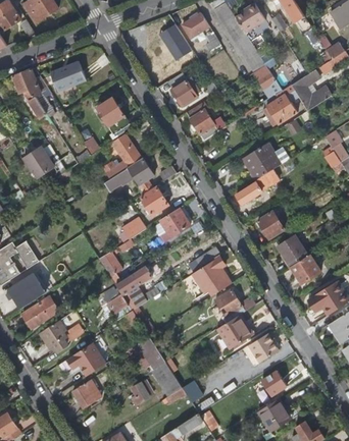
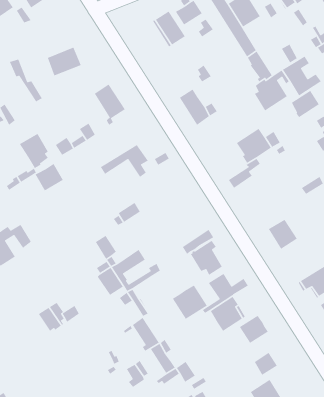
building: [22,67,53,113] -> none
building: [166,72,199,106] -> none
building: none -> [291,90,320,118]
building: [103,134,142,179] -> none
building: none -> [35,163,64,191]
building: [142,186,168,216] -> none
building: [160,208,192,238] -> none
building: [259,209,286,237] -> none
building: [290,255,320,284] -> none
building: [8,273,47,309] -> none
building: [22,297,58,328] -> none
building: none -> [172,285,208,320]
building: [67,343,106,375] -> none
building: [72,379,103,408] -> none

